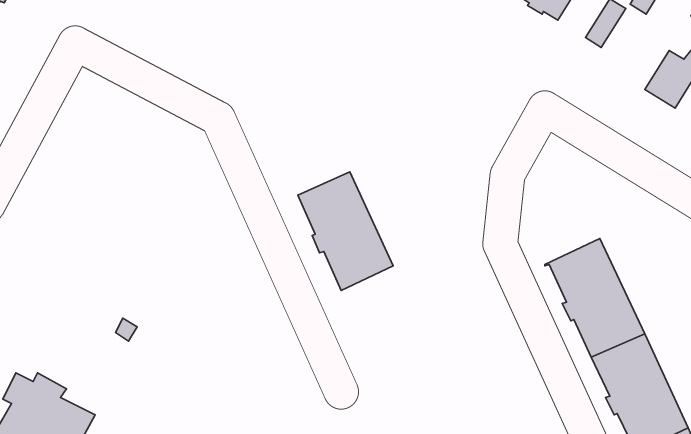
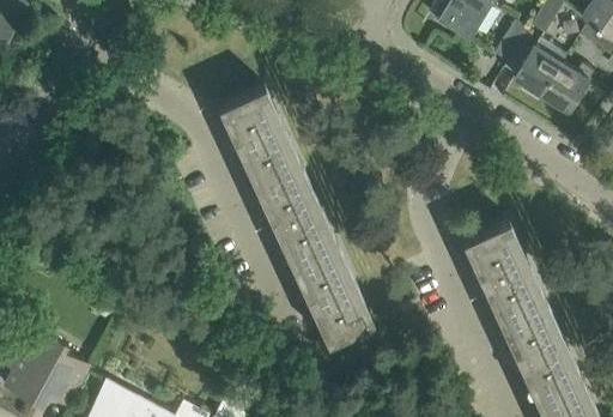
building: none -> [515,37,564,96]
building: none -> [217,85,299,183]
building: none -> [292,242,372,343]

